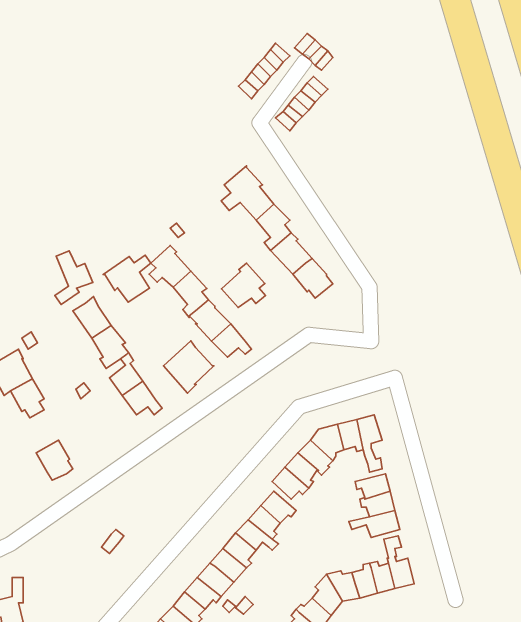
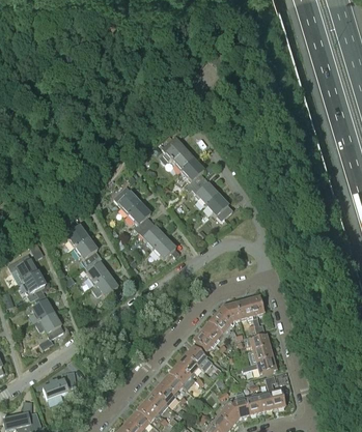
building: [55,251,93,305] -> none
building: [103,255,151,302] -> none
building: [221,263,265,307] -> none
building: [163,341,214,393] -> none
building: none -> [28,292,53,322]
building: none -> [41,370,76,398]

